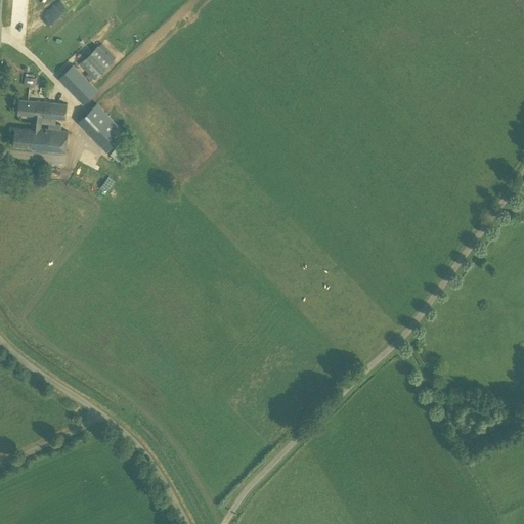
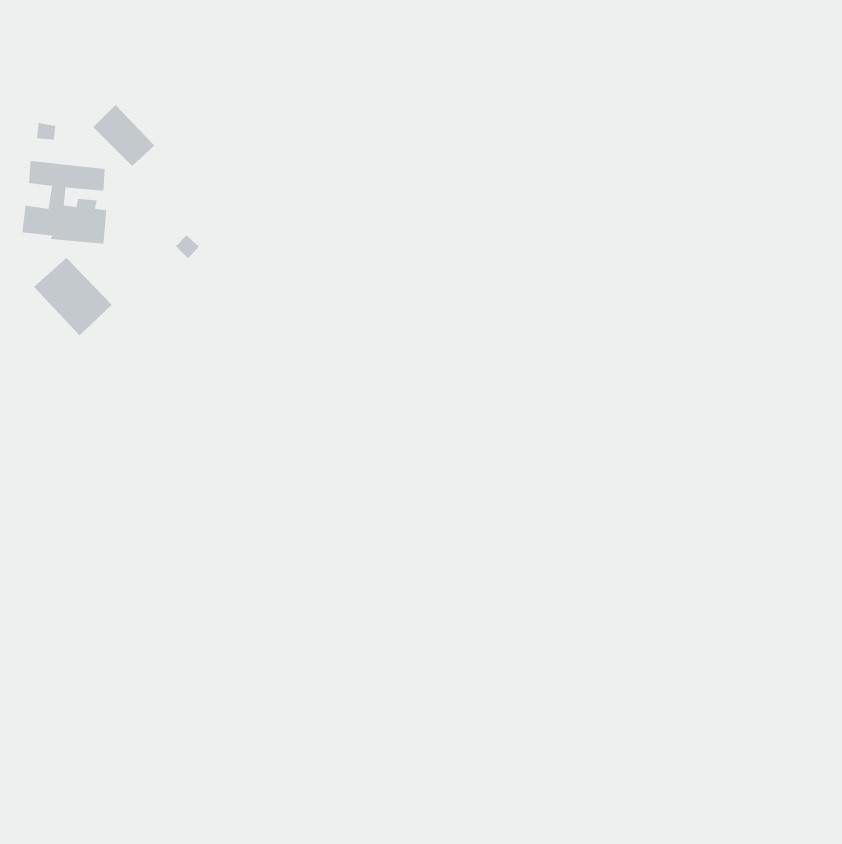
building: [78,45,112,79] -> none
building: [76,102,125,151] -> [33,257,113,336]

